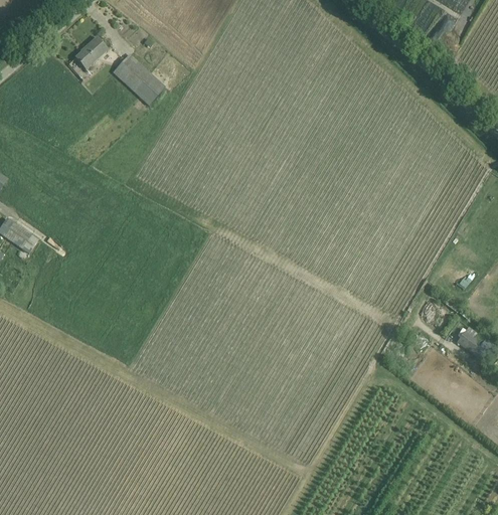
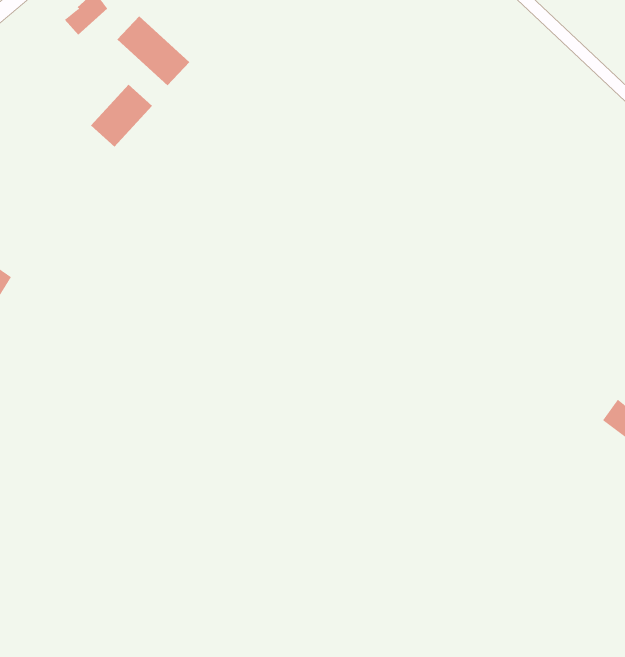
building: none -> [90,84,153,147]

